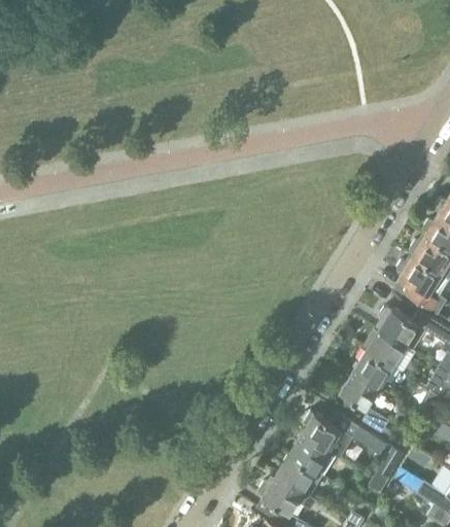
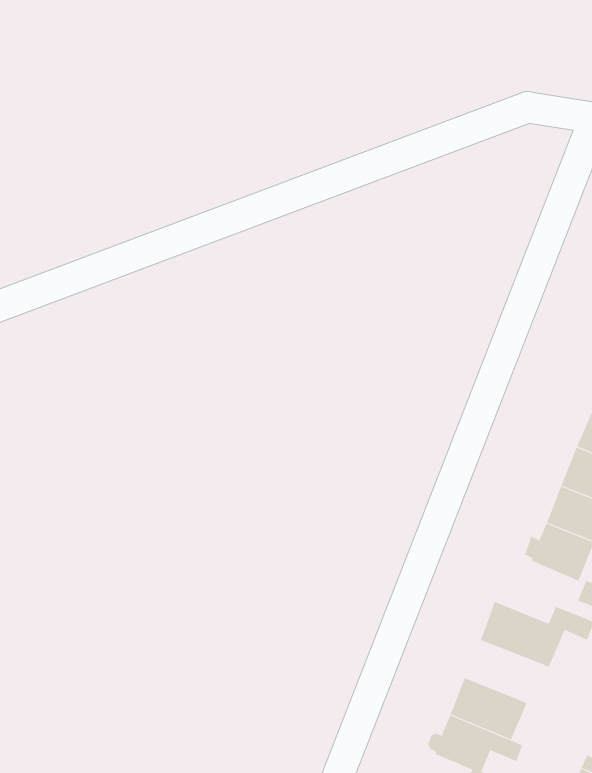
building: [287,435,335,478] -> none

